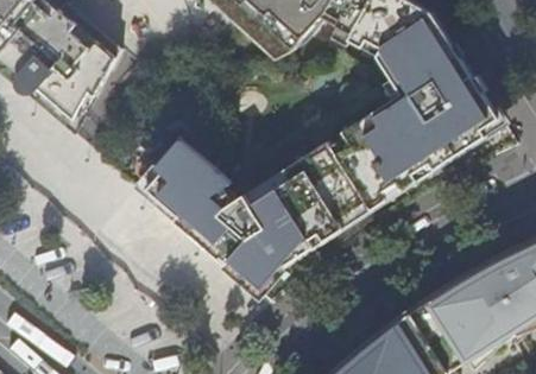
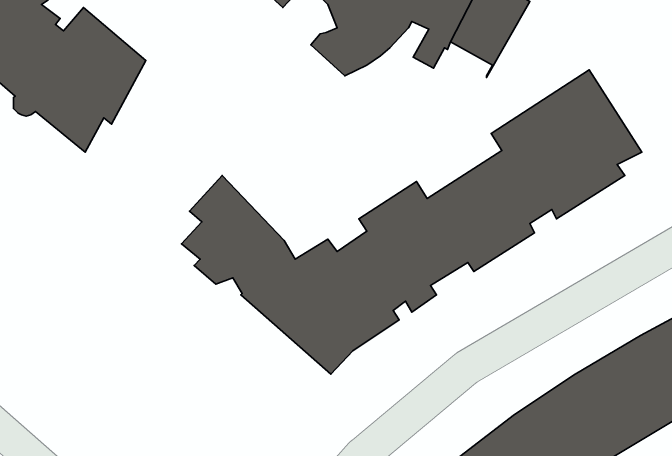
building: [398,13,452,76] -> none

